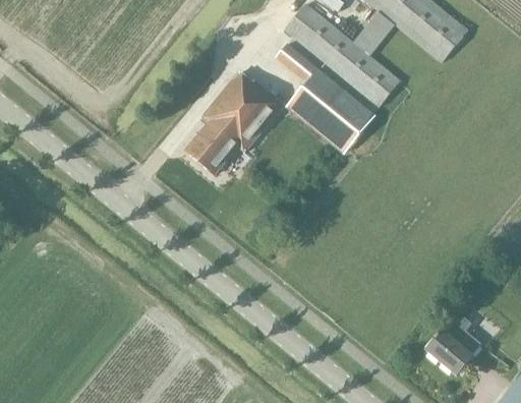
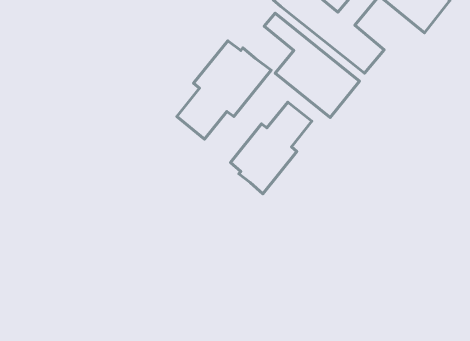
building: none -> [230,102,312,194]
building: [426,316,481,373] -> none

